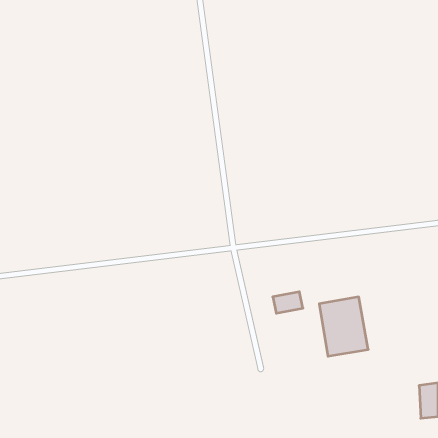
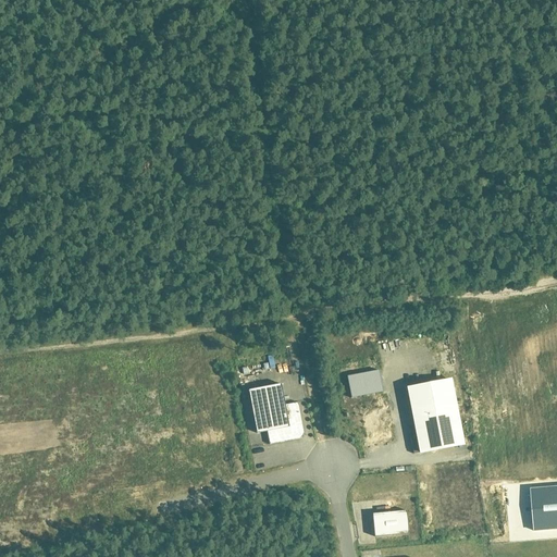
building: none -> [249,383,305,442]
building: none -> [372,508,407,532]

